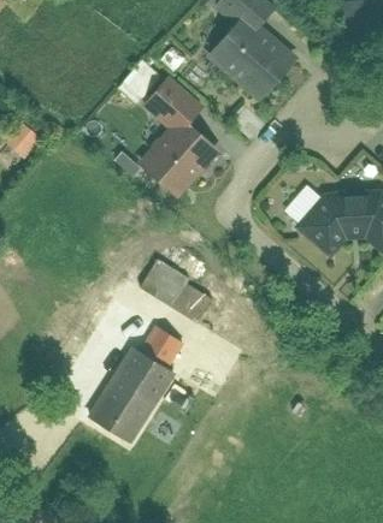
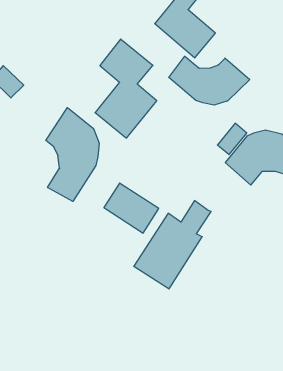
building: none -> [169,56,250,105]
building: none -> [46,108,99,201]
building: [86,323,181,432] -> [134,201,211,289]

